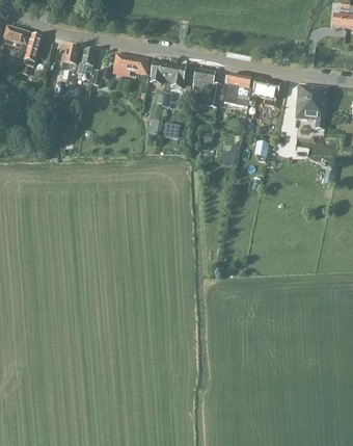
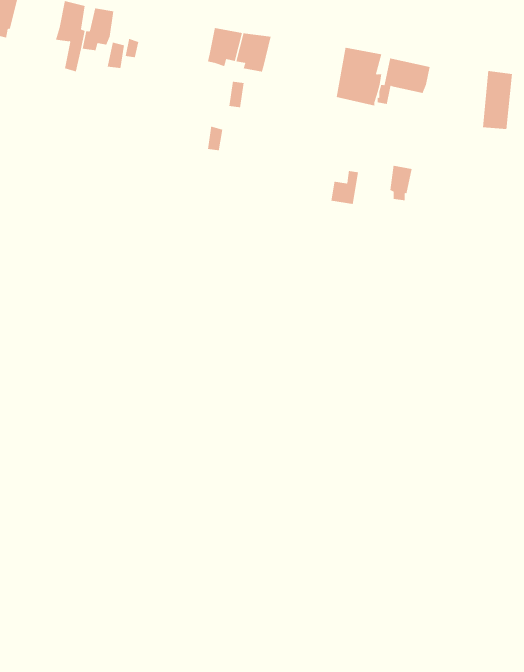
building: [113,54,150,75] -> none
building: [193,69,221,108] -> none
building: [295,85,313,120] -> none

